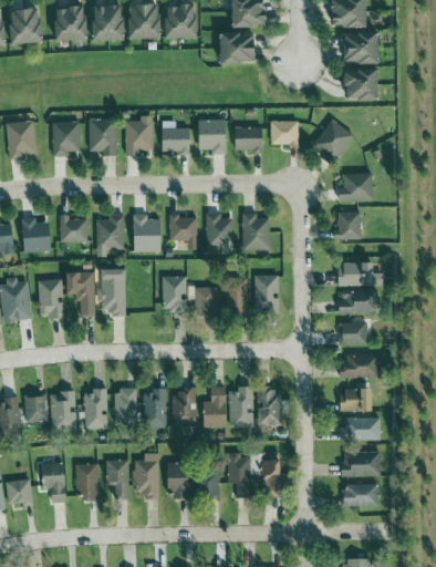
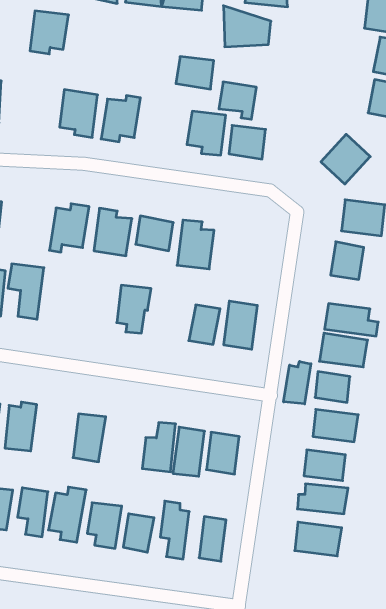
building: [51,121,80,156] -> [30,11,69,54]
building: [270,121,299,148] -> [219,82,256,119]
building: [162,127,191,152] -> [176,57,214,89]
building: [241,212,270,249] -> none
building: [59,215,89,241] -> none
building: [98,268,126,316] -> none
building: [195,286,218,316] -> none
building: none -> [284,361,311,404]
building: [113,388,138,425] -> none
building: [170,389,196,426] -> none
building: [343,483,378,506] -> none

